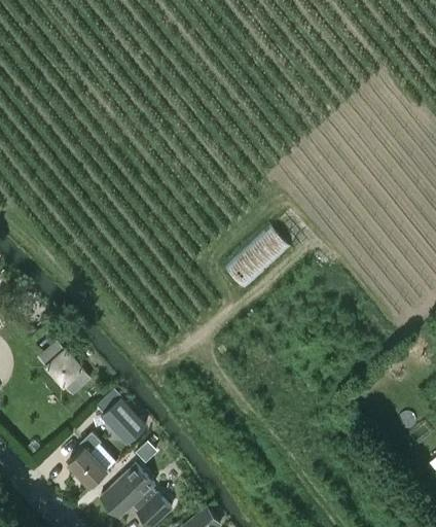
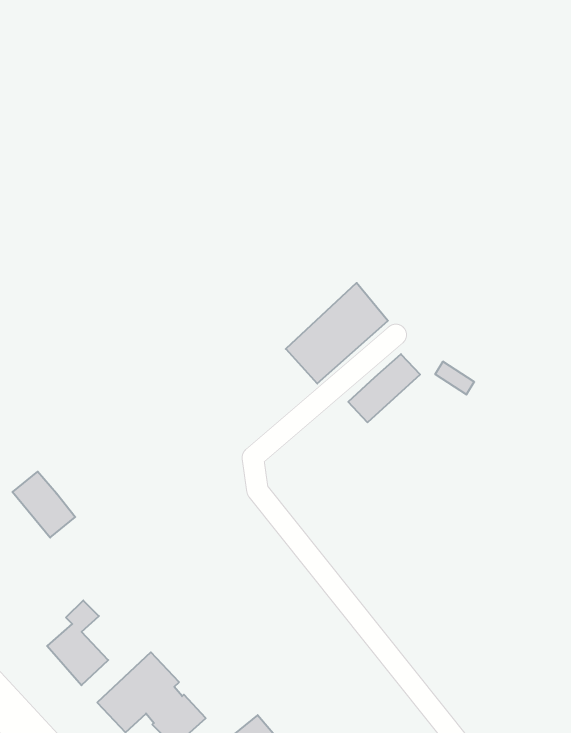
building: none -> [348,354,420,422]
building: [95,390,146,445] -> none

